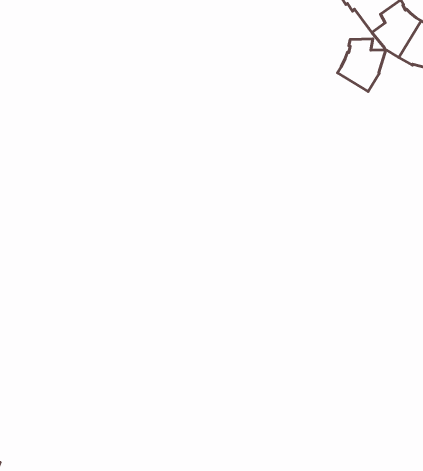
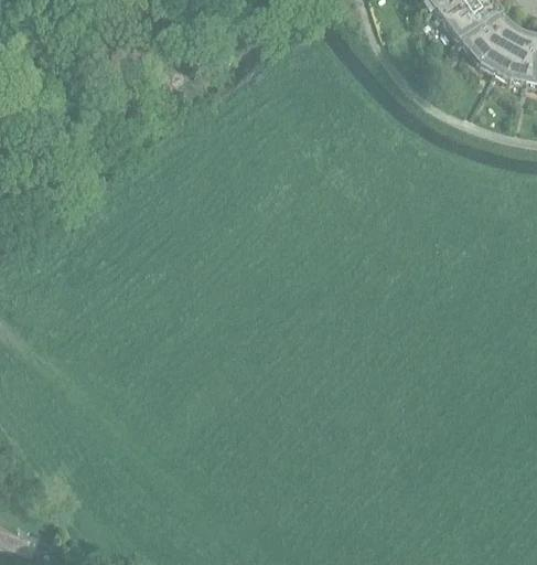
building: [337,39,386,91] -> none

